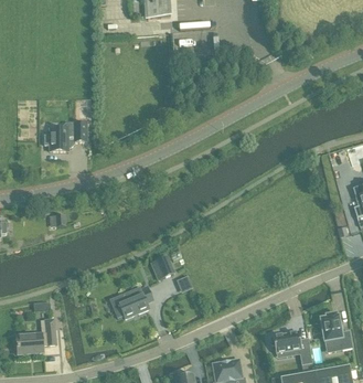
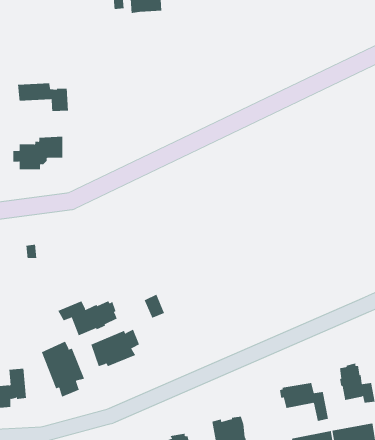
building: none -> [18,83,68,112]
building: none -> [58,300,117,336]
building: none -> [41,341,85,397]

